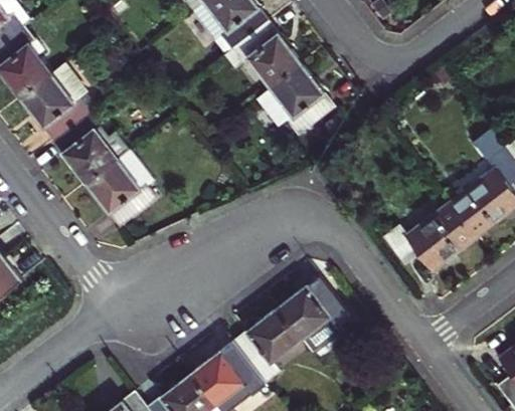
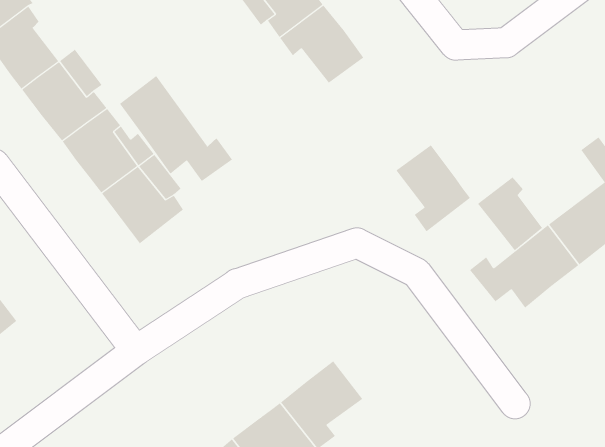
building: [271,66,332,138] -> [395,145,471,232]
building: none -> [119,75,233,182]
building: none -> [477,176,543,251]
building: [275,279,348,344] -> none

